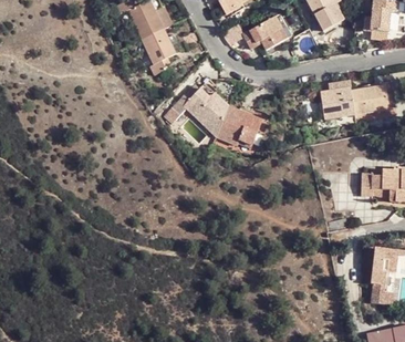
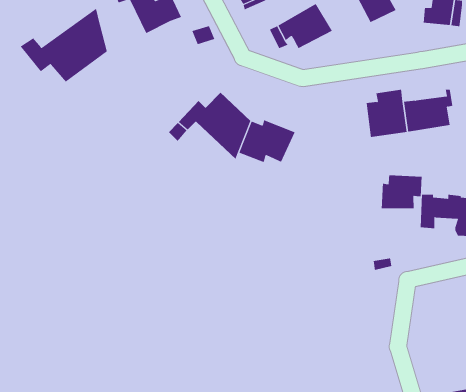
building: none -> [20,8,107,82]
building: [144,28,183,74] -> none
building: none -> [381,175,422,209]
building: [371,250,394,305] -> none

